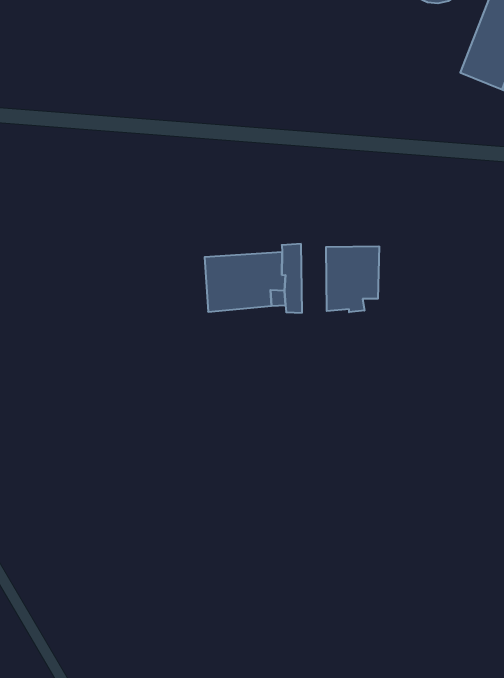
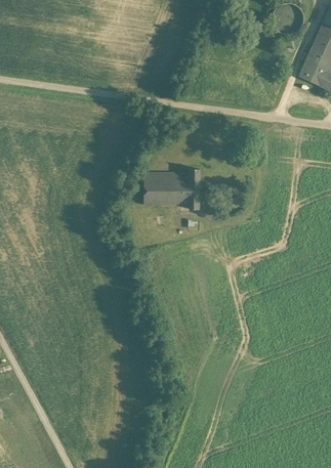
building: [326,246,379,312] -> none

